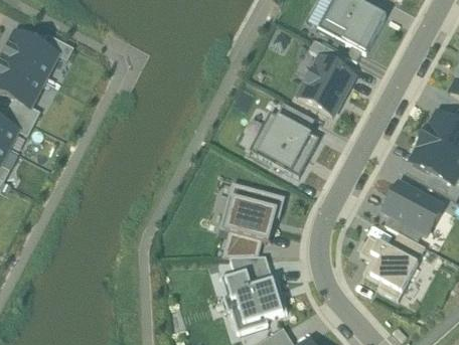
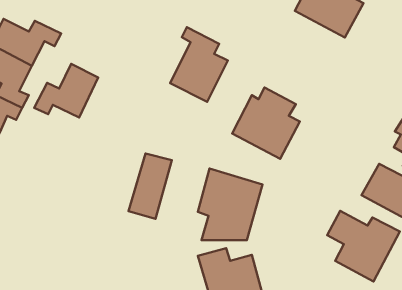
building: [293,41,352,118] -> [170,27,228,102]
building: none -> [34,64,98,118]
building: none -> [129,153,172,219]

